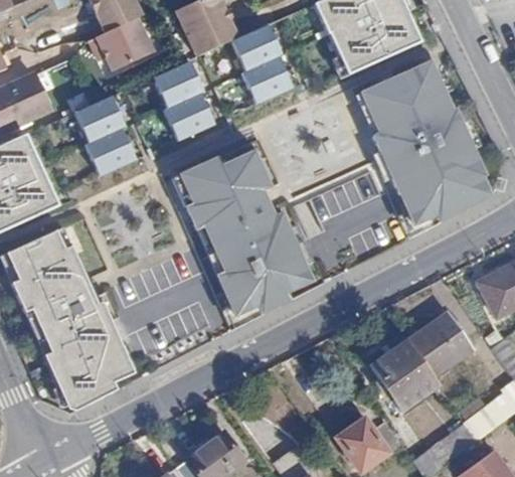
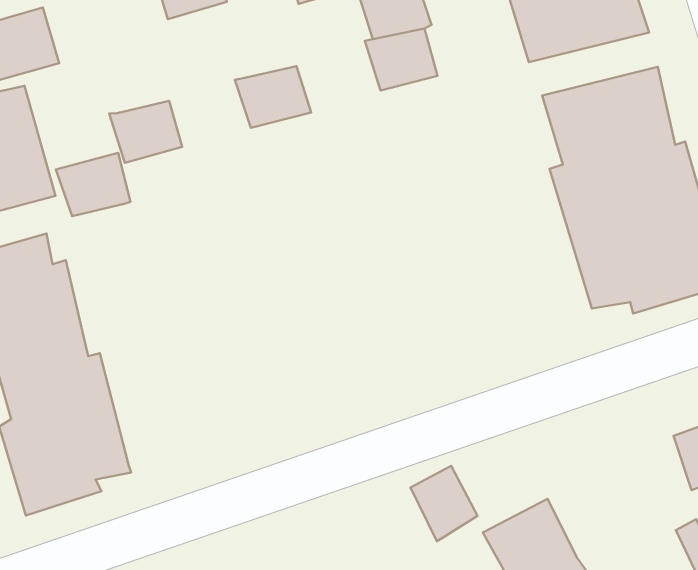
building: [151,58,204,105] -> none
building: [73,95,125,140] -> [56,153,131,216]
building: [178,141,314,315] -> none
building: [404,316,469,379] -> none
building: none -> [411,466,477,541]

